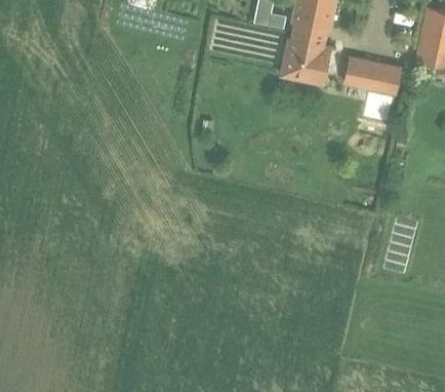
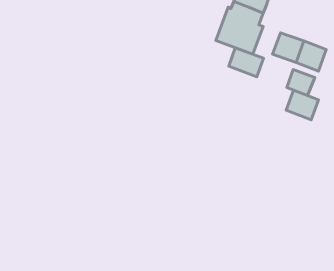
building: none -> [229,48,263,77]
building: none -> [286,90,318,120]

